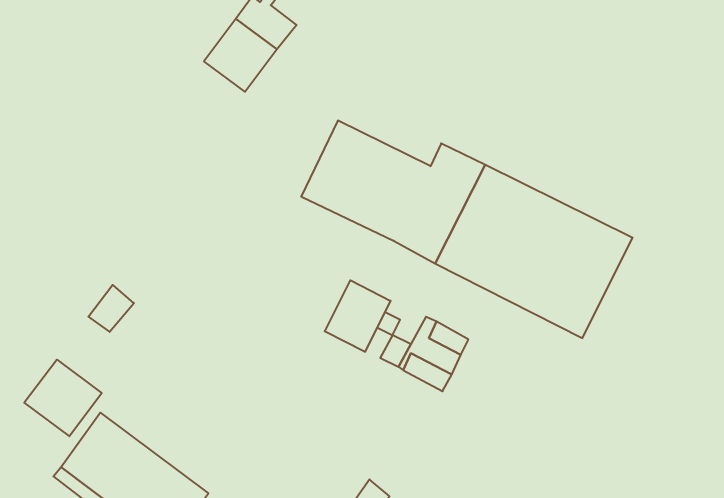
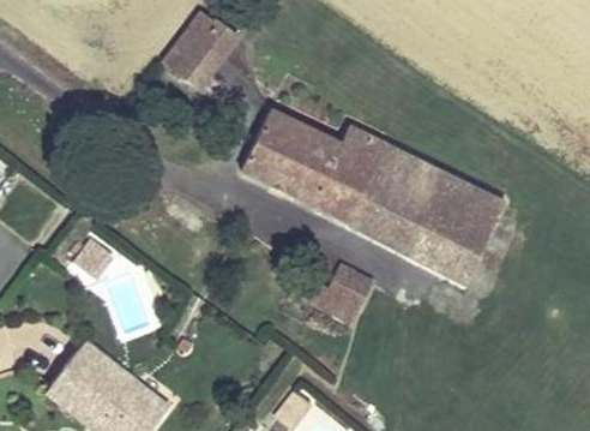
building: [325,280,391,352] -> none
building: [24,360,102,436] -> none

